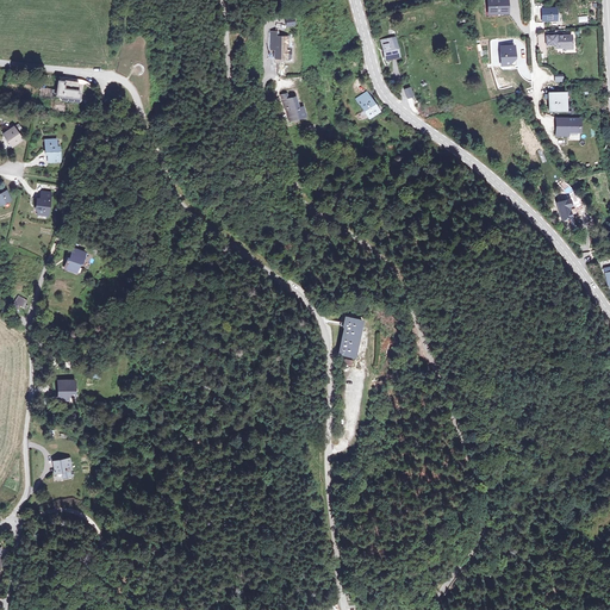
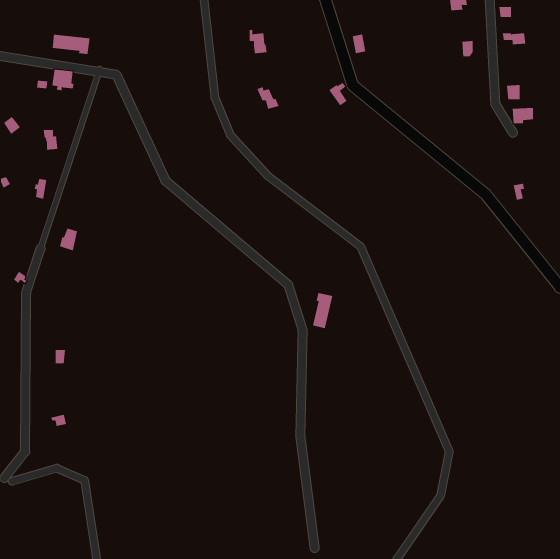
building: none -> [52,34,90,55]

